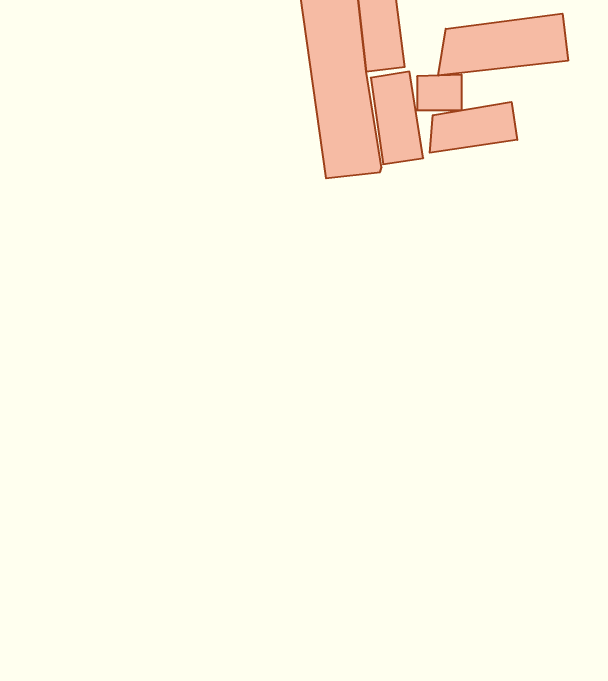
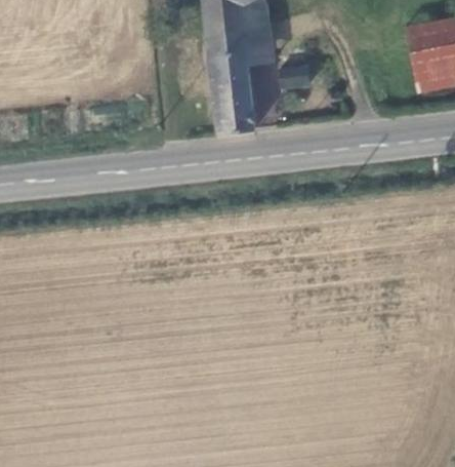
building: [438,14,568,76] -> none
building: [430,102,517,153] -> none

